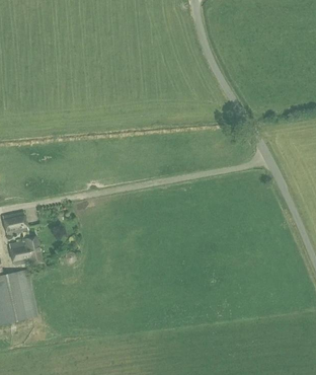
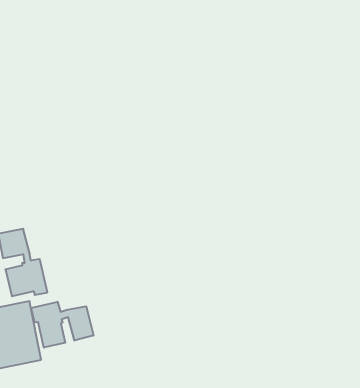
building: none -> [31,302,93,348]

